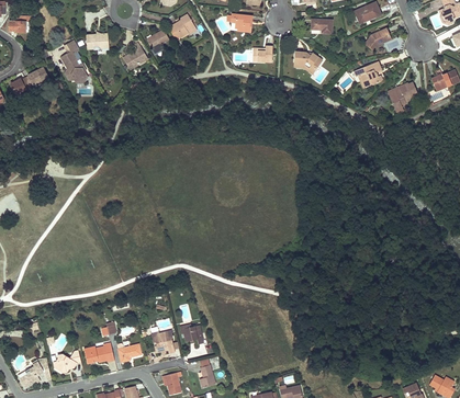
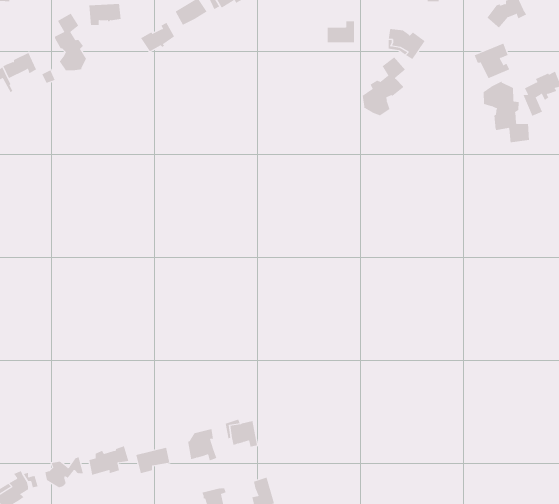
building: none -> [362,57,406,116]
building: none -> [483,81,530,143]

